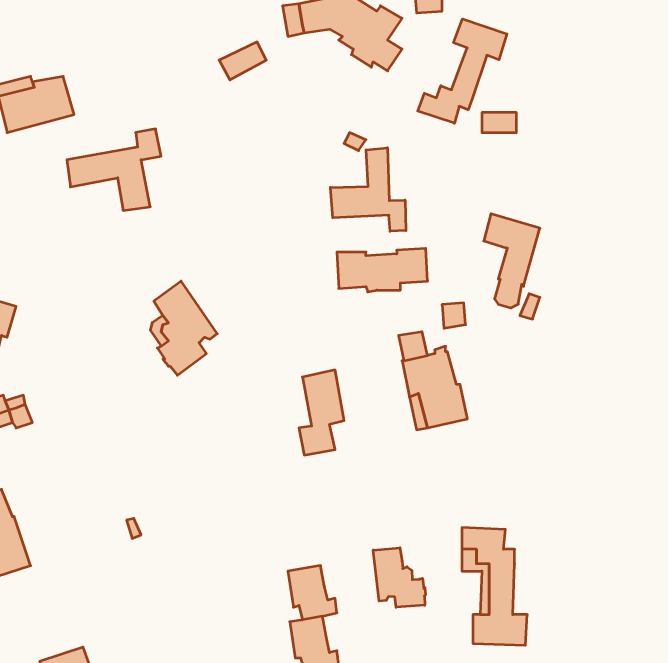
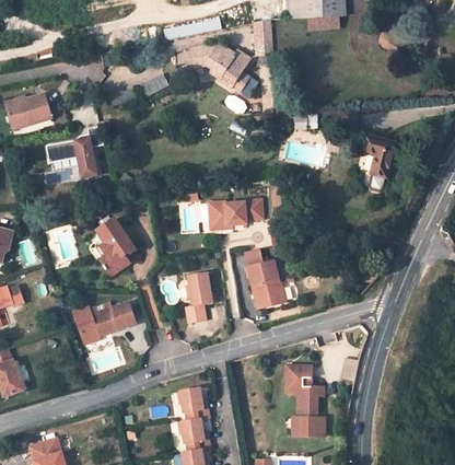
building: [418,19,507,123] -> none
building: [330,148,406,231] -> none
building: [484,214,540,308] -> [361,133,395,190]
building: none -> [74,301,138,342]
building: [373,548,425,607] -> none

